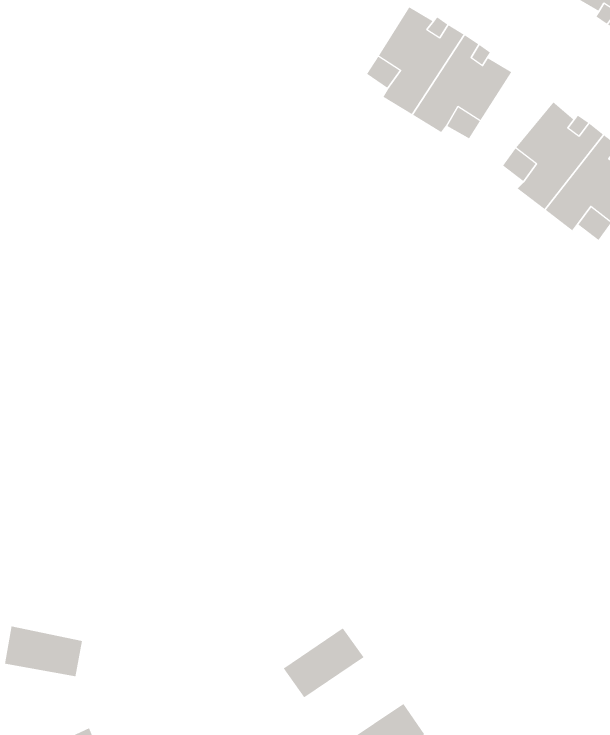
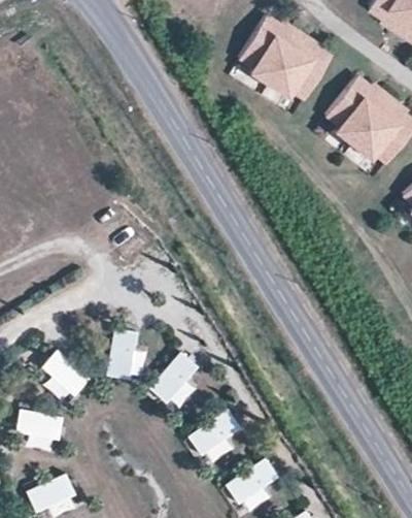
building: none -> [105,326,136,376]
building: none -> [40,348,91,395]
building: none -> [149,351,196,402]

